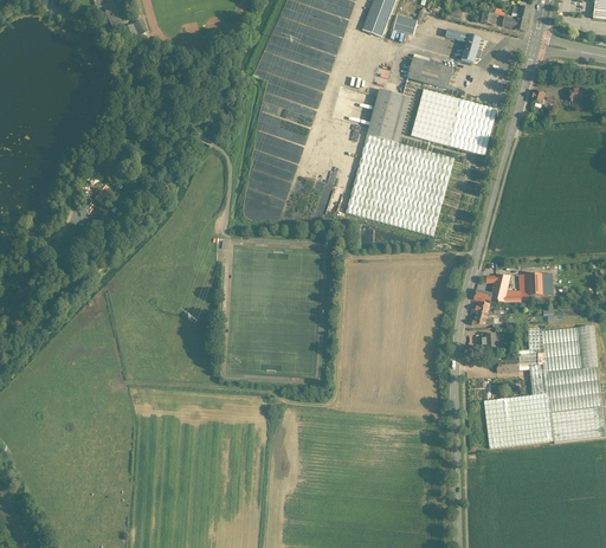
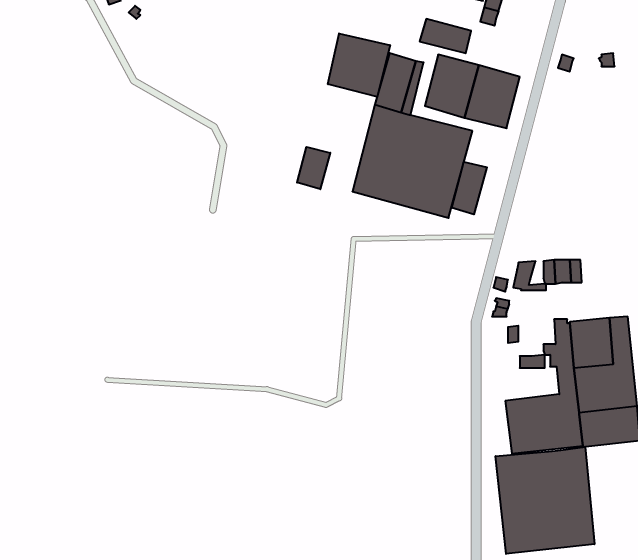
building: none -> [328,33,390,97]
building: none -> [297,147,330,189]
building: none -> [452,162,487,214]
building: none -> [496,447,594,554]

